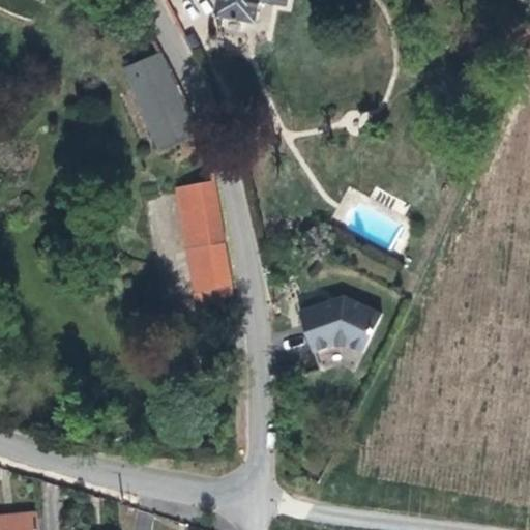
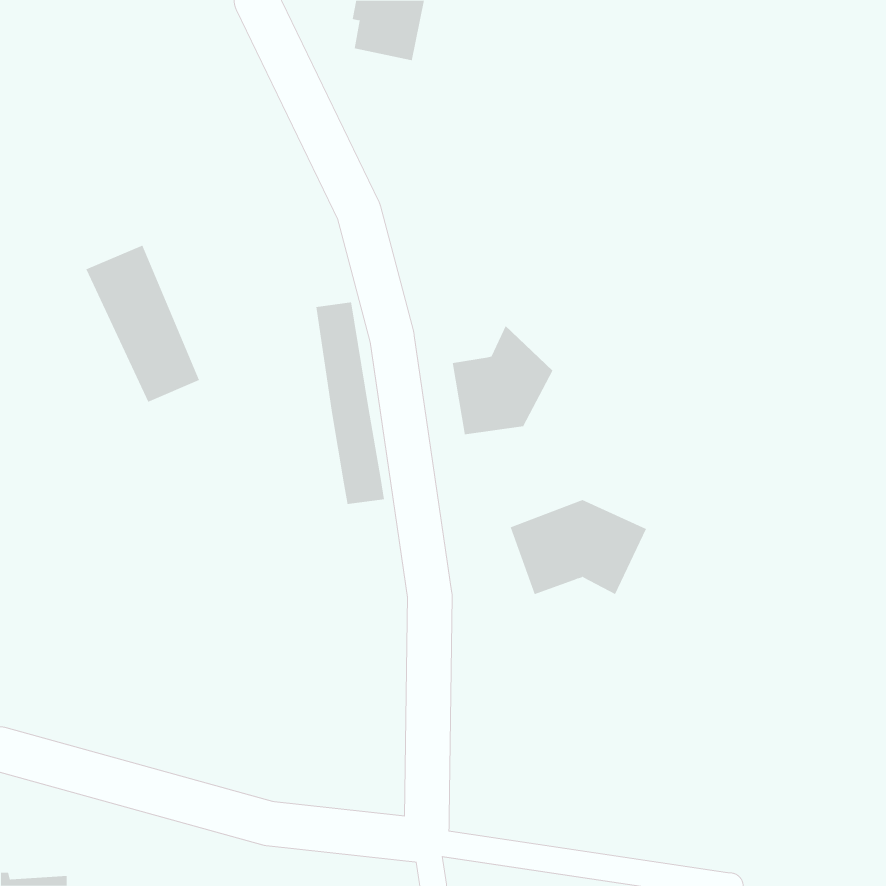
building: [119,48,187,142] -> [86,245,200,403]
building: none -> [452,325,553,435]

